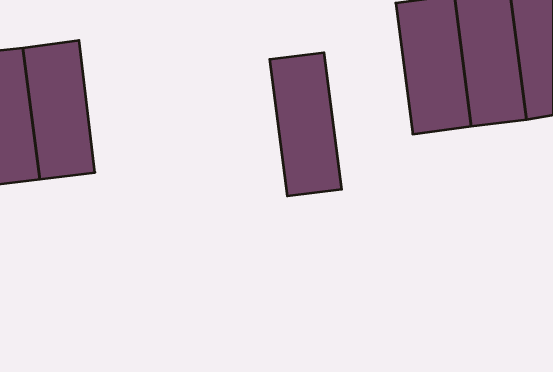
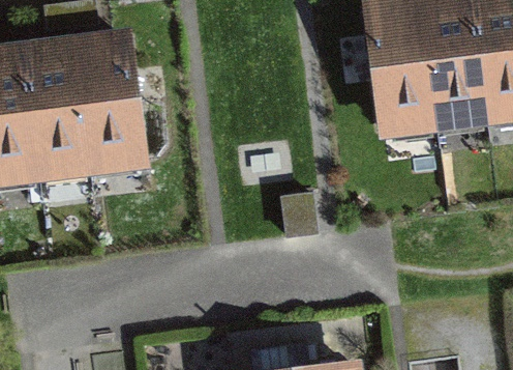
building: none -> [77,37,143,165]
building: [270,53,342,196] -> none

